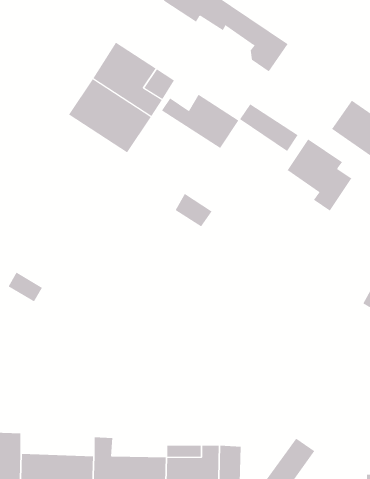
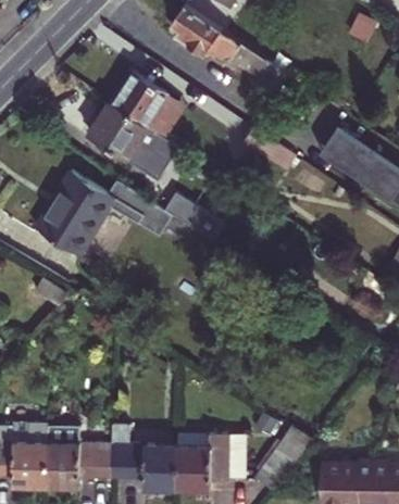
building: [161,94,239,149] -> none
building: [287,139,352,212] -> none
building: none -> [35,172,173,256]

